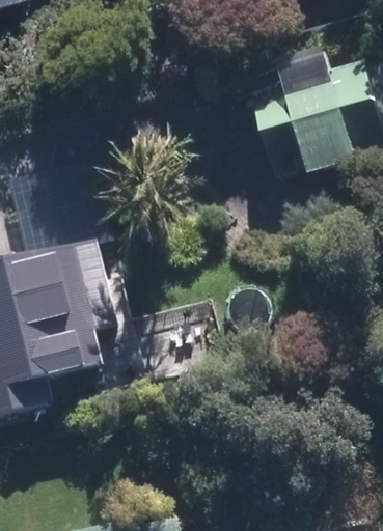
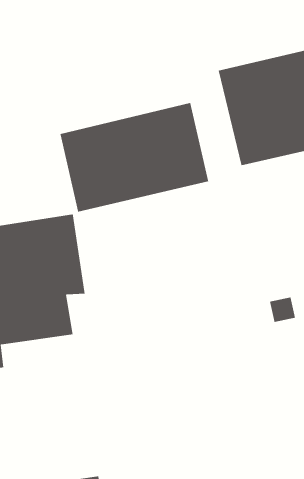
building: none -> [60,102,209,213]

